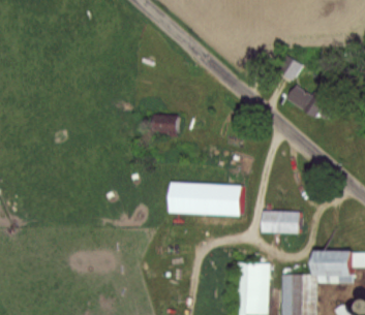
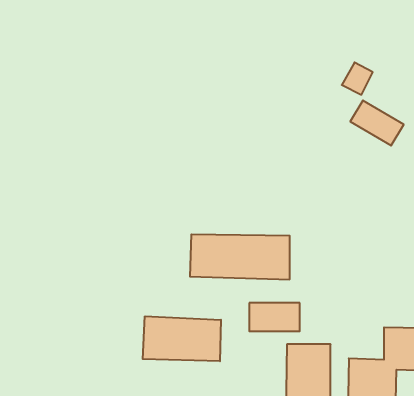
building: [150,114,176,135] -> none
building: [261,211,298,231] -> [249,303,300,331]
building: none -> [143,316,221,361]

